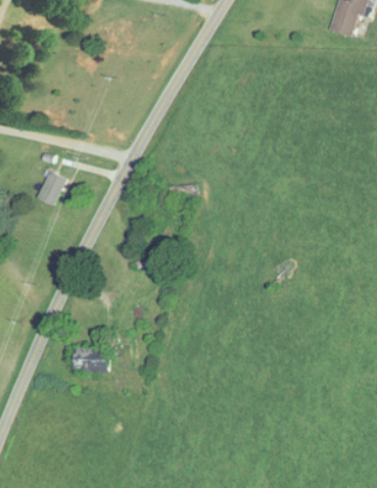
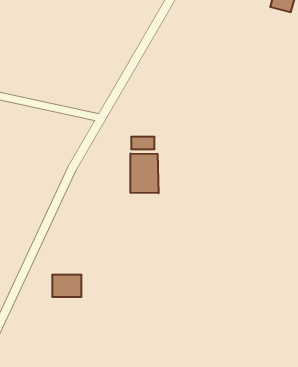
building: [39,172,69,207] -> none
building: none -> [131,153,159,193]

